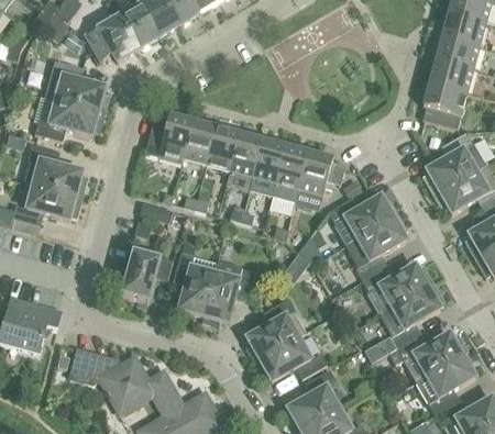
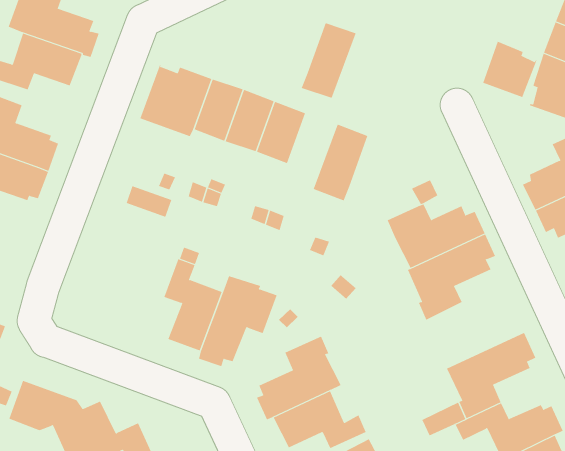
building: none -> [483,41,537,98]
building: [250,138,286,192] -> [301,23,356,98]
building: [299,151,345,194] -> none
building: [122,249,173,300] -> none
building: [362,263,433,312] -> none

